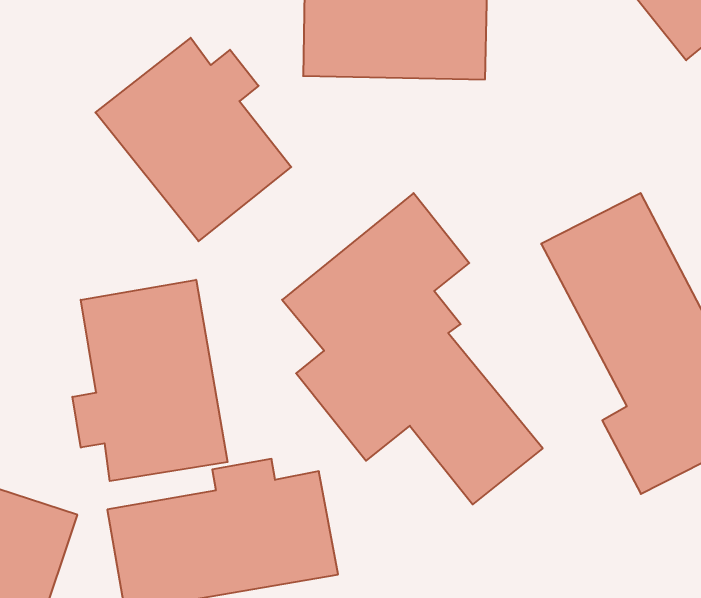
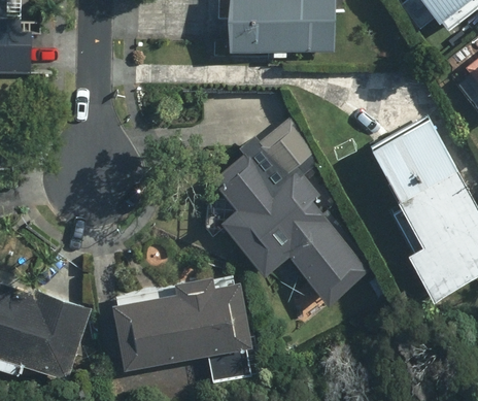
building: [95,38,291,241] -> none
building: [72,280,228,481] -> none

